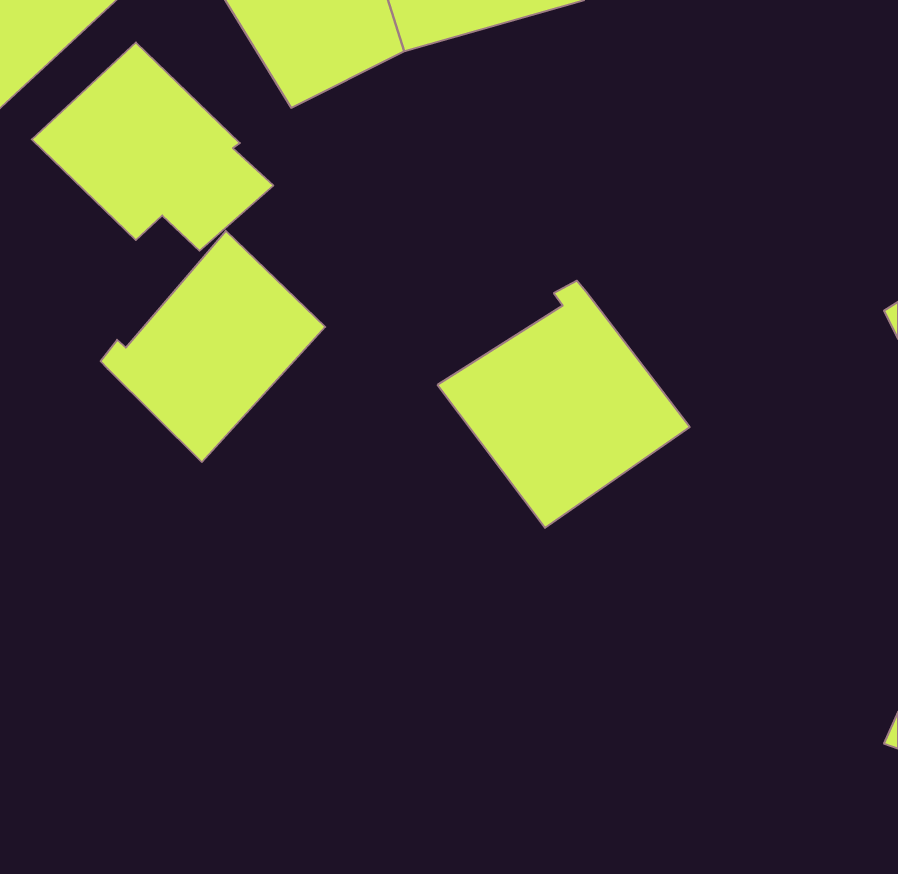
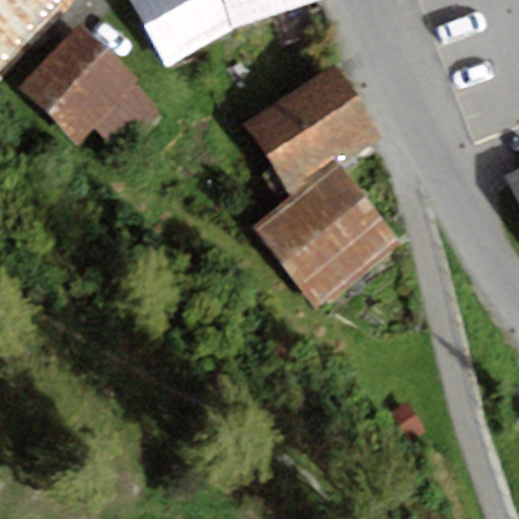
building: none -> [243,65,375,189]
building: [101,231,325,462] -> none

